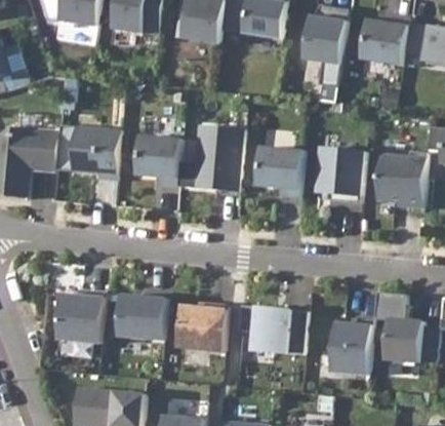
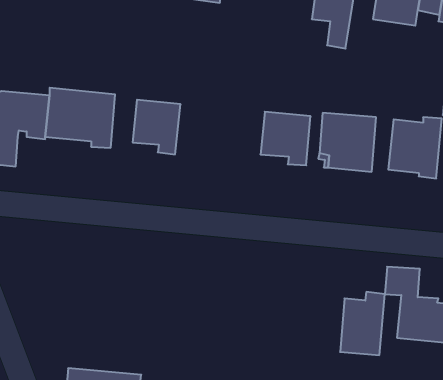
building: [191,124,243,191] -> none
building: [56,291,104,343] -> none
building: [117,294,165,340] -> none
building: [176,304,227,351] -> none
building: [237,305,306,354] -> none

